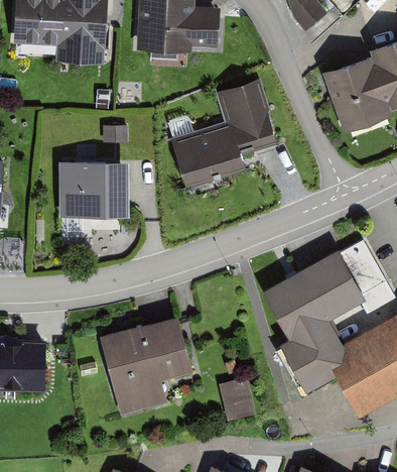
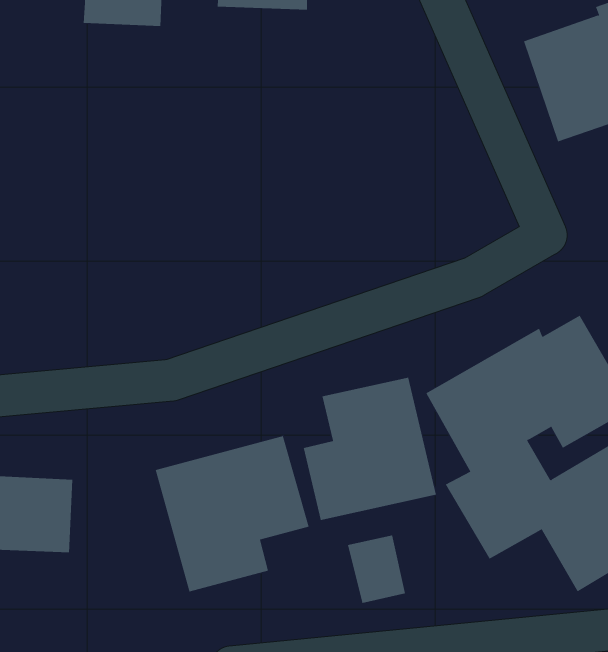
building: [175,81,280,190] -> none
building: [58,162,130,215] -> none
building: none -> [303,377,437,521]

